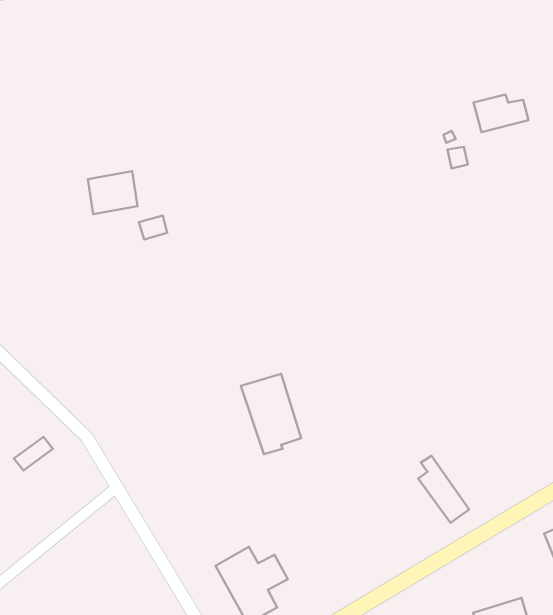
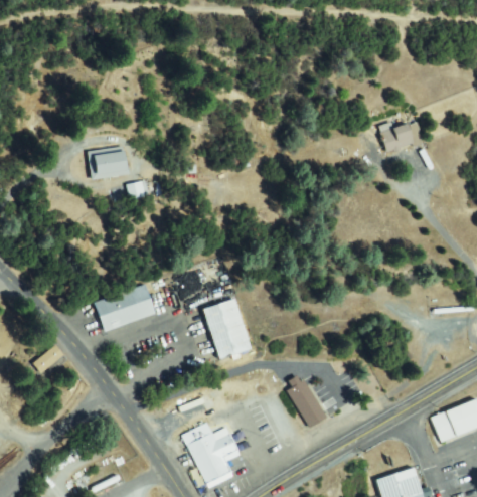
building: [473,95,528,132] -> [381,122,423,150]
building: none -> [95,285,153,330]
building: [418,456,469,523] -> [287,375,325,426]

